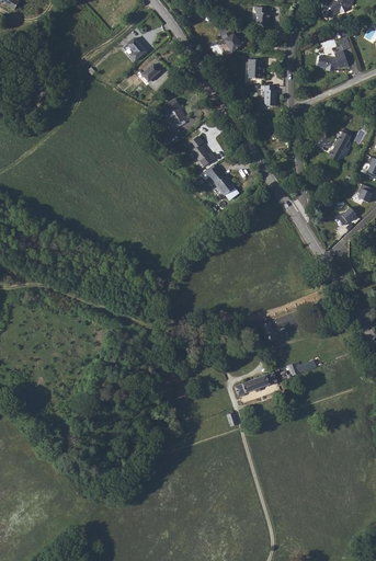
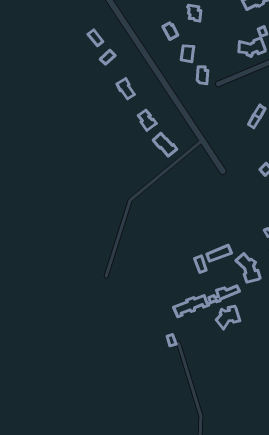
building: none -> [236,253,260,282]
building: none -> [216,306,240,329]

